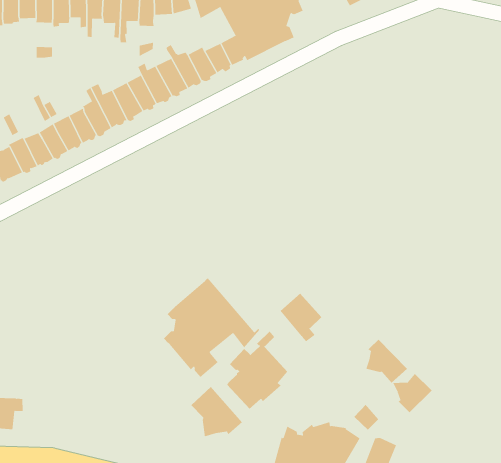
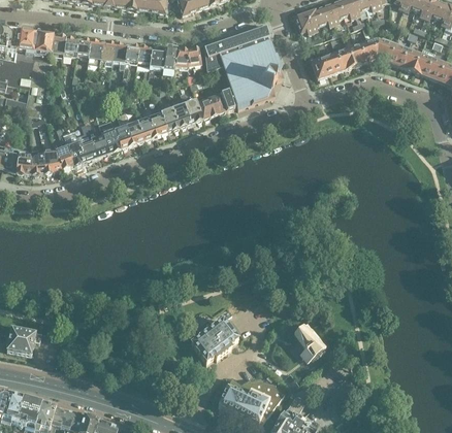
building: [163,277,260,378] -> none
building: [280,293,322,342] -> none
building: [393,373,433,413] -> none
building: [190,386,243,437] -> none

